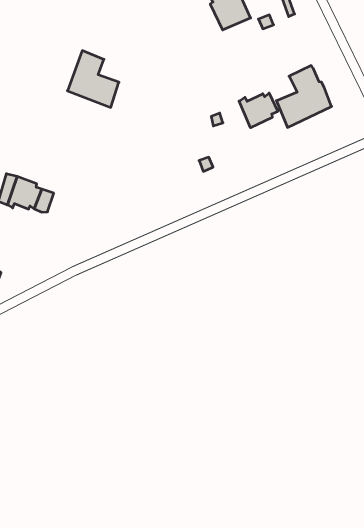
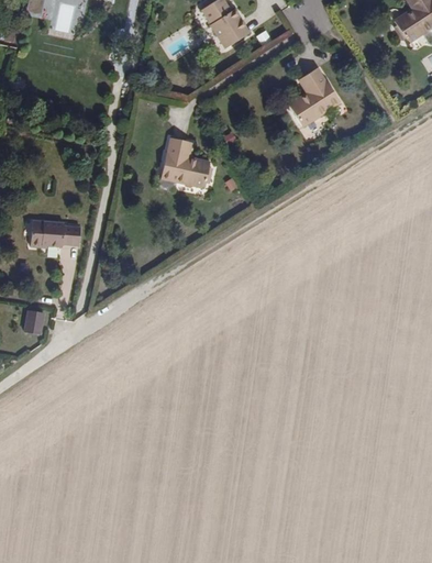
building: [67,51,119,107] -> [158,136,207,187]
building: [239,93,278,128] -> none

